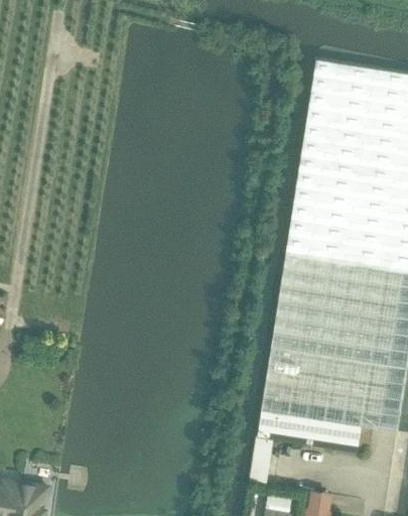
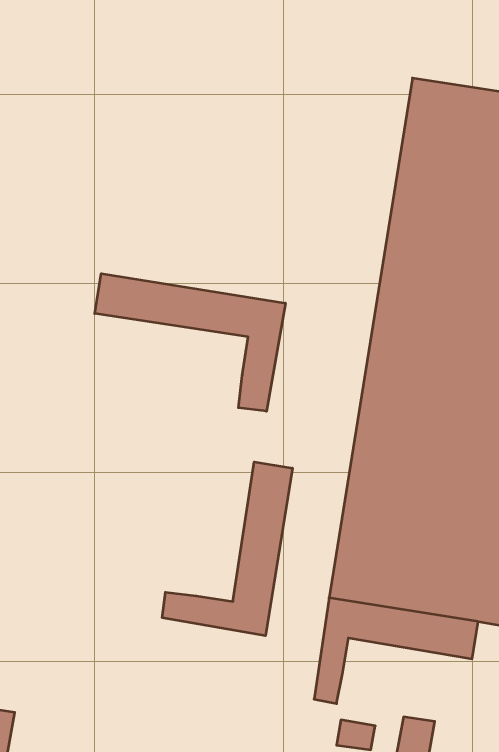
building: none -> [95,274,285,411]
building: none -> [162,462,292,636]

